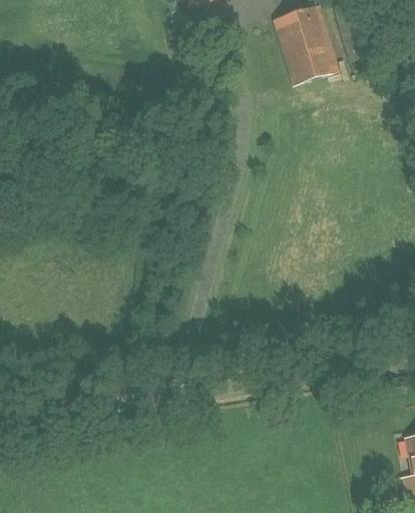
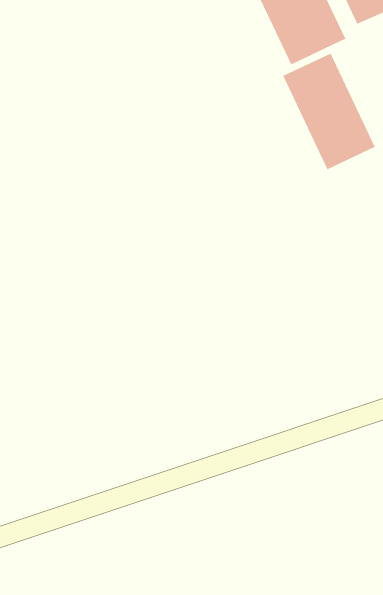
building: none -> [282,53,375,170]

